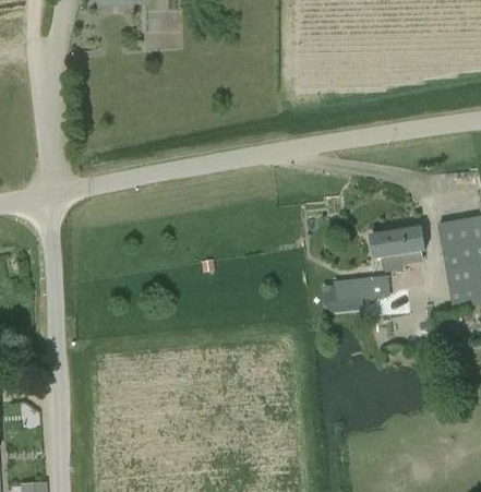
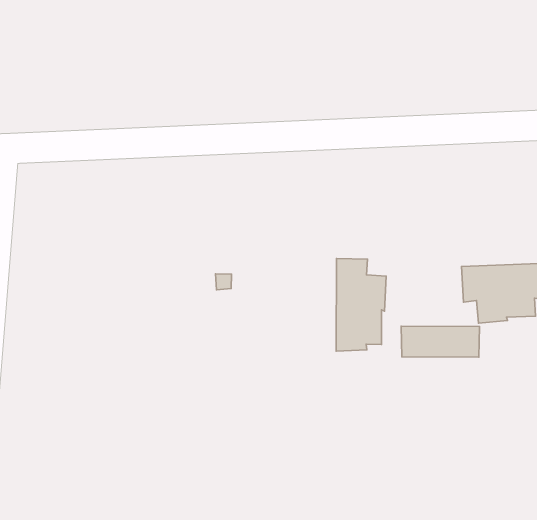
building: none -> [336,258,386,351]

